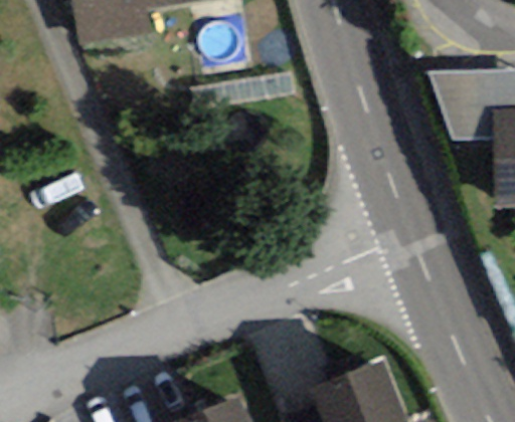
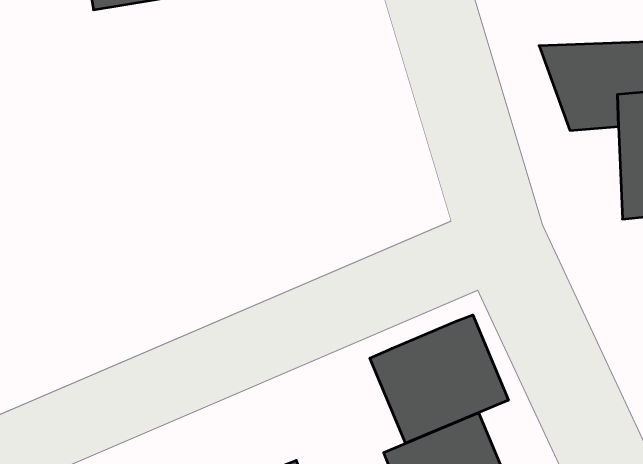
building: none -> [370,315,508,443]

